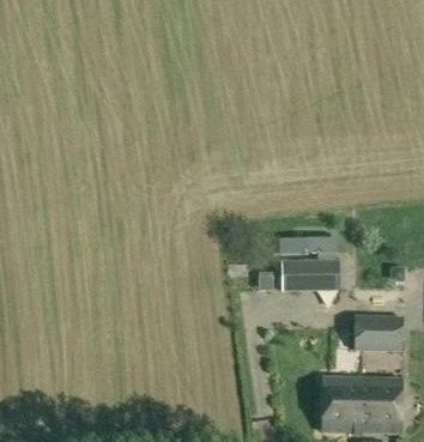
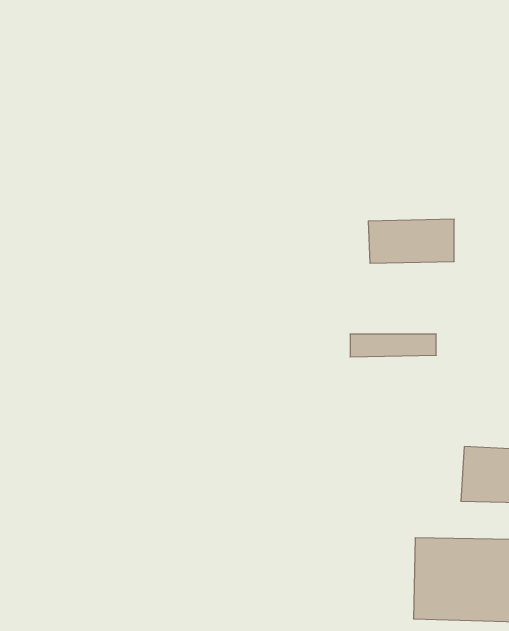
building: [280,260,339,290] -> [368,219,454,263]

